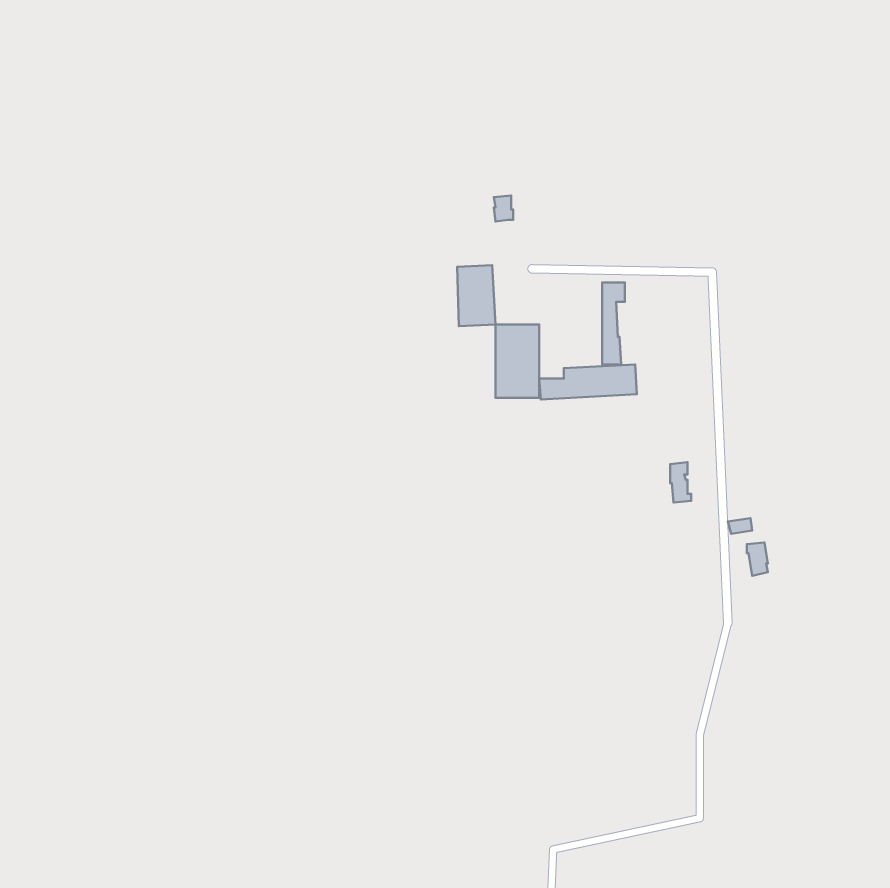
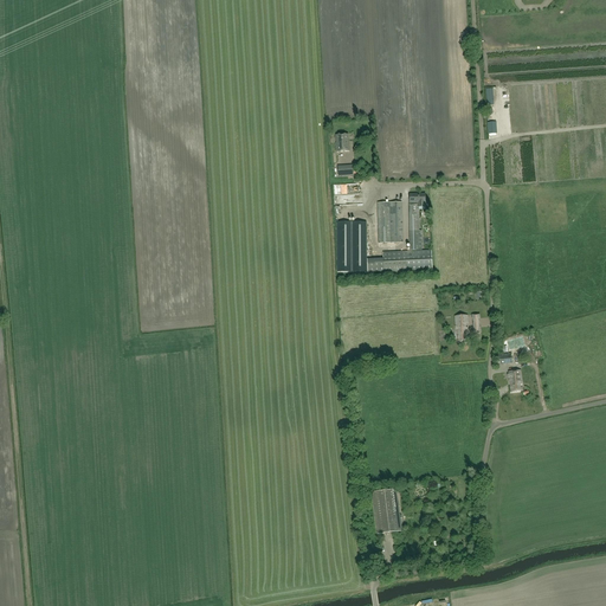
building: [457,265,496,326] -> [376,200,402,241]
building: none -> [374,490,404,535]

